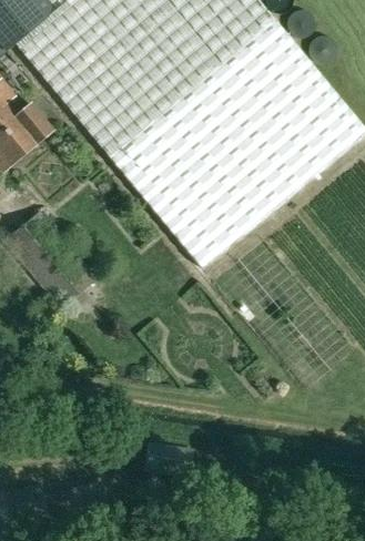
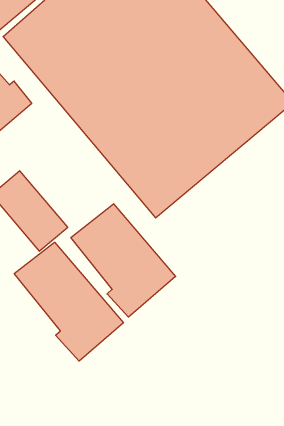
building: none -> [71,204,176,317]
building: none -> [14,242,123,361]

